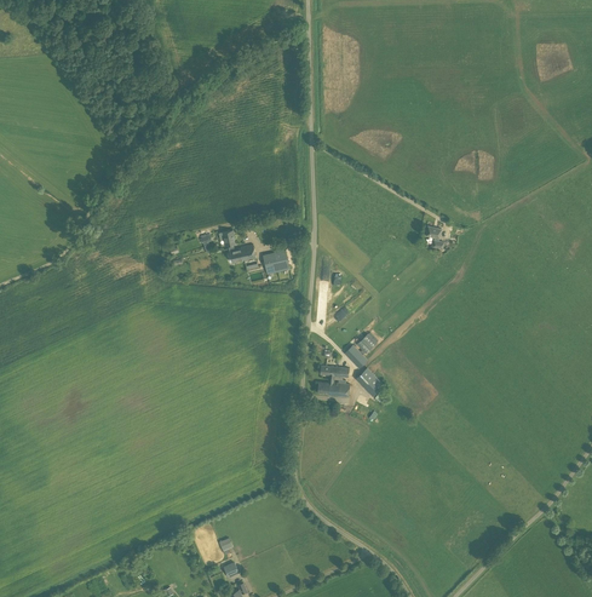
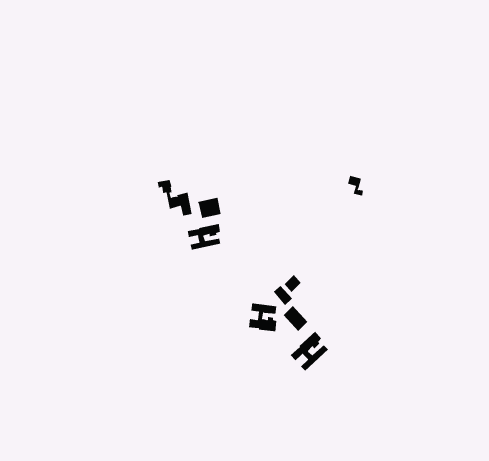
building: none -> [187,223,221,250]
building: none -> [290,331,329,371]

